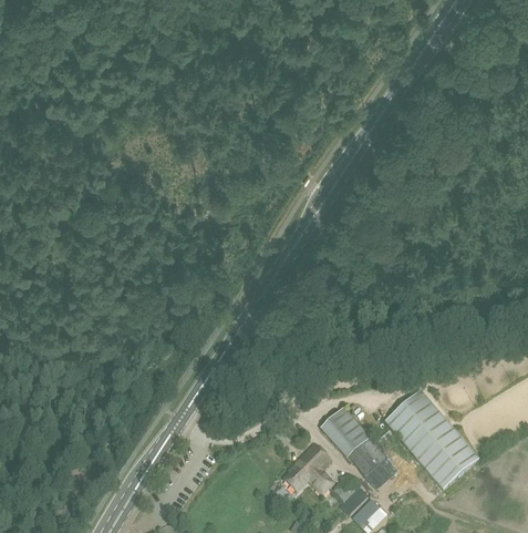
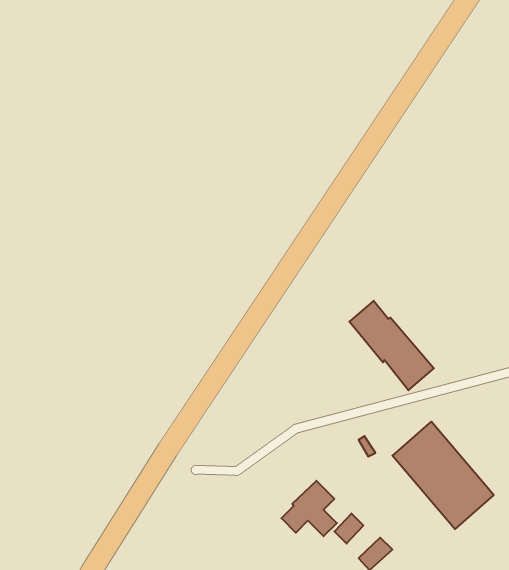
building: [321,407,398,489] -> [349,301,434,390]

